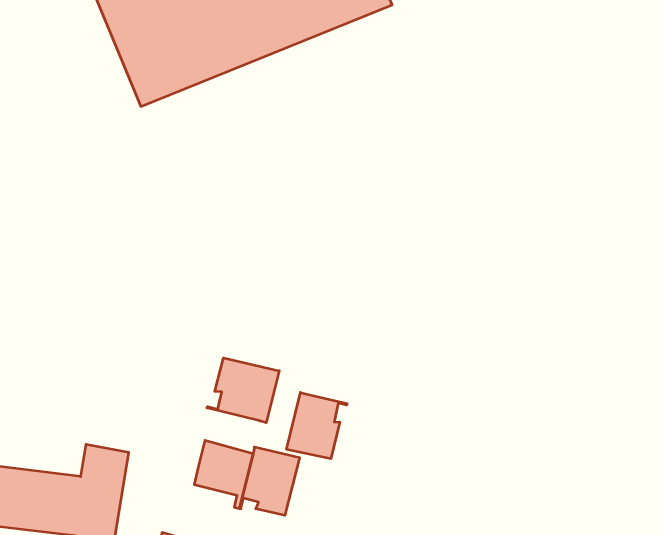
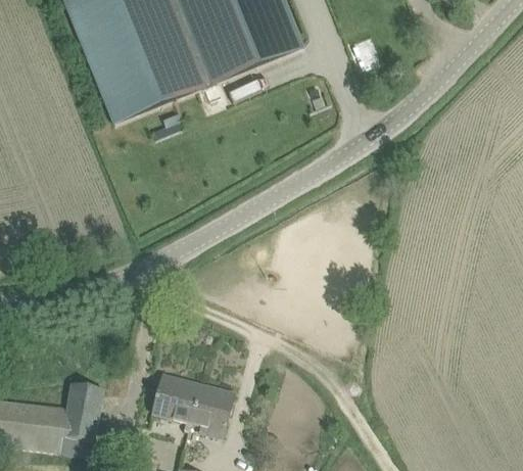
building: [207,358,279,423] -> none
building: [287,392,347,459] -> none

